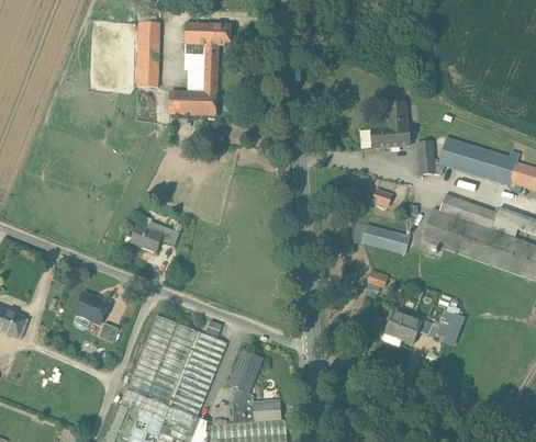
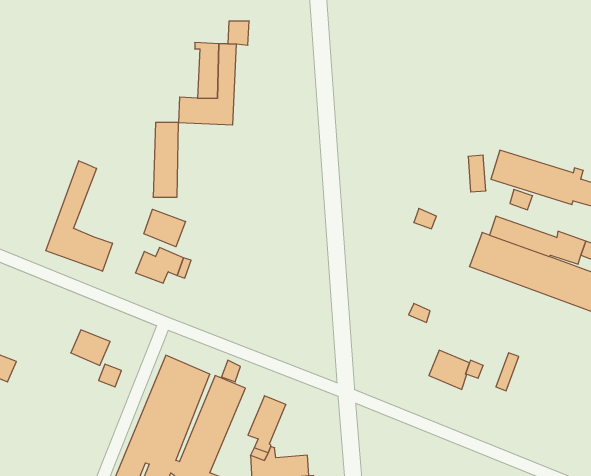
building: [137,22,159,87] -> [153,122,178,197]
building: [182,23,212,45] -> none
building: [371,102,411,147] -> none
building: none -> [46,161,112,271]
building: none -> [144,209,186,247]
building: [361,224,407,252] -> none

